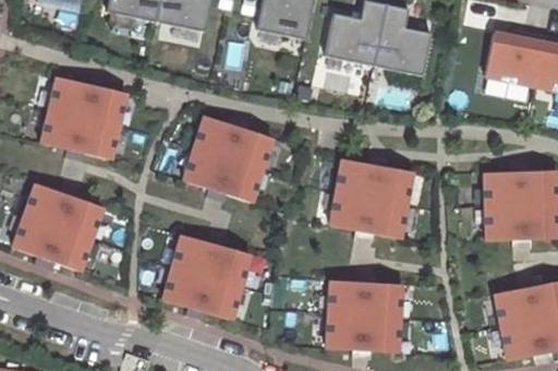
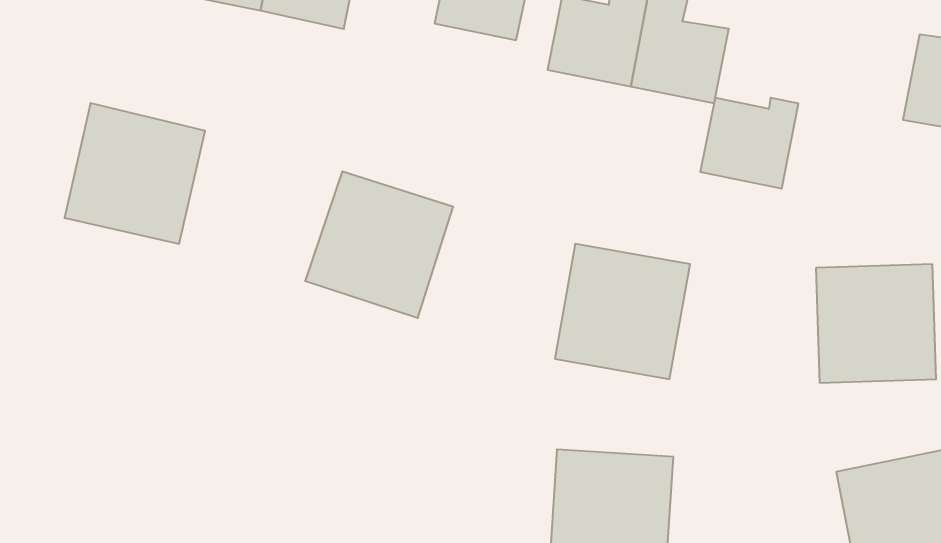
building: [486,32,544,85] -> [700,98,798,189]
building: [14,183,102,271] -> none
building: [163,235,250,319] -> none

